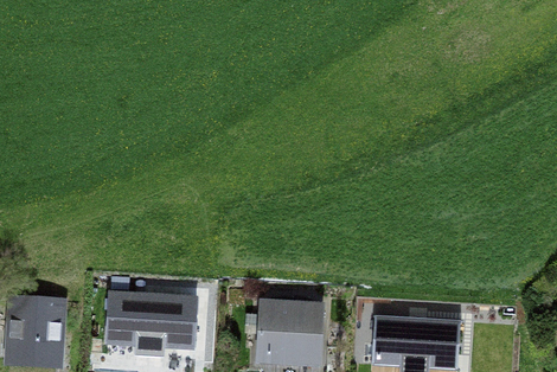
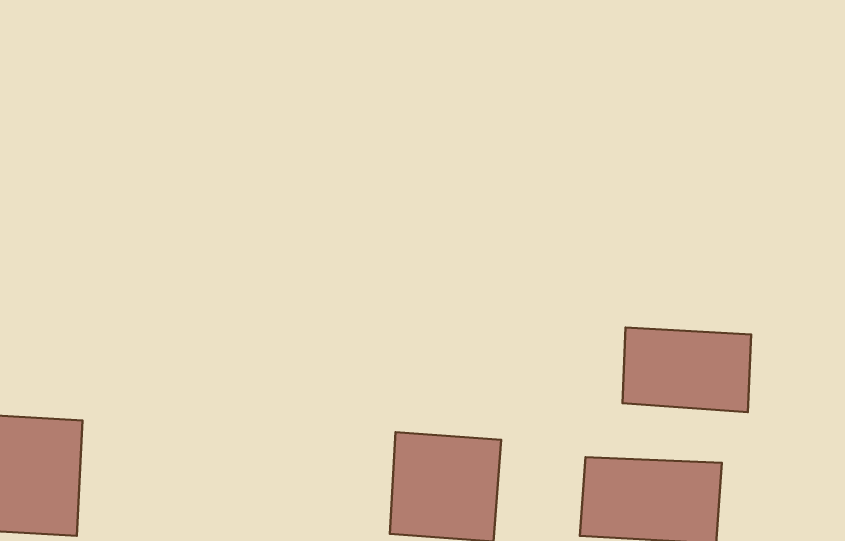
building: none -> [622,327,751,412]
building: [107,295,196,353] -> none

